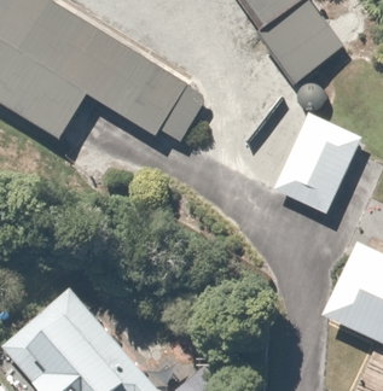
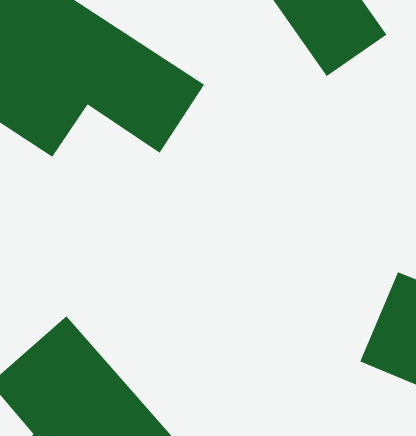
building: [273,116,356,212] -> none

